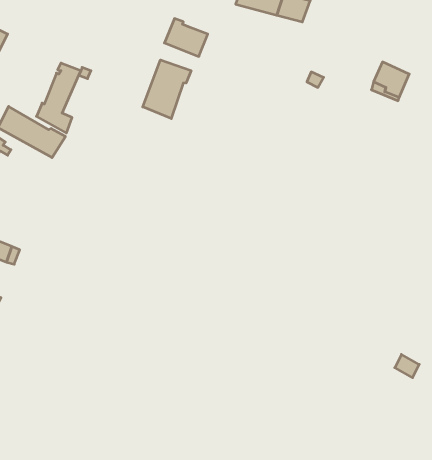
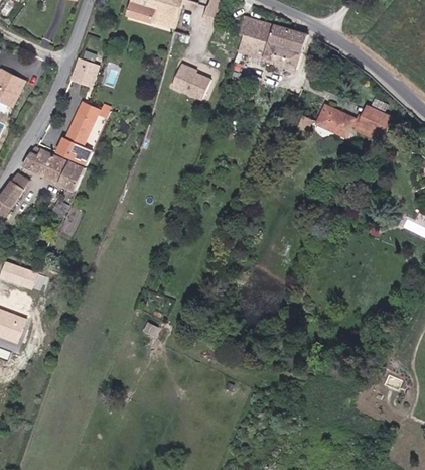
building: none -> [70,56,100,87]
building: [143,60,191,119] -> none
building: none -> [320,105,356,135]

